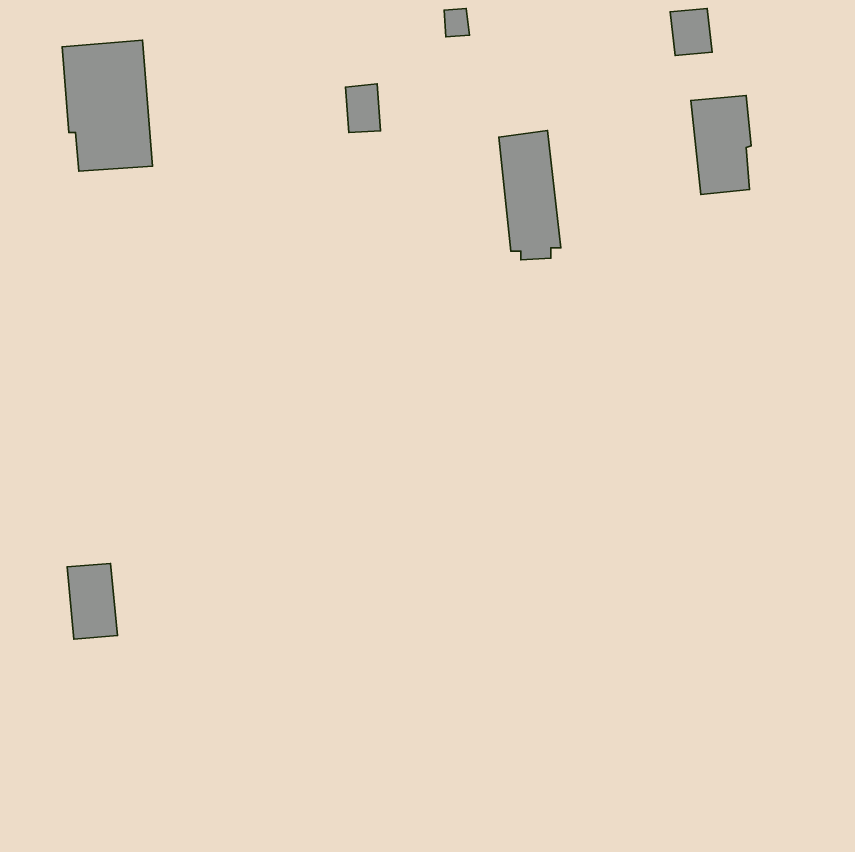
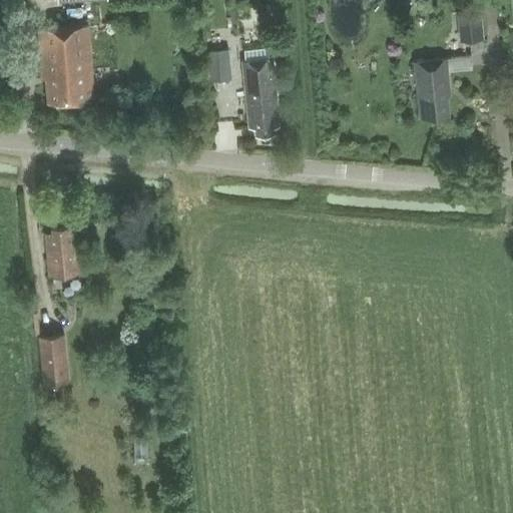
building: [670,8,712,55] -> [459,15,484,43]
building: [499,131,561,260] -> [242,59,280,136]
building: none -> [44,228,77,278]

